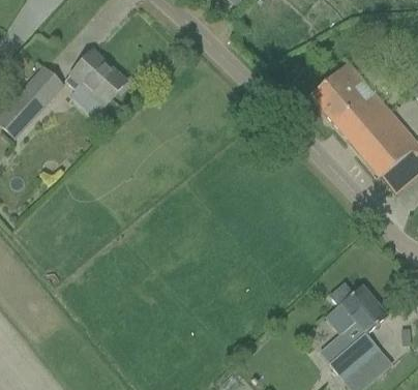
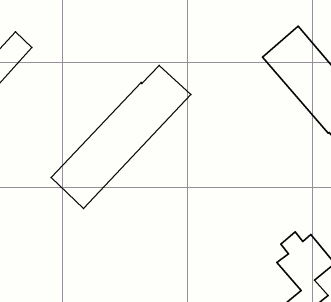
building: [65,50,127,106] -> none
building: none -> [51,66,191,208]

